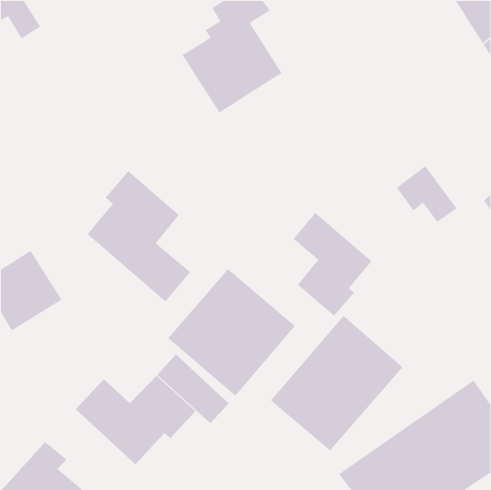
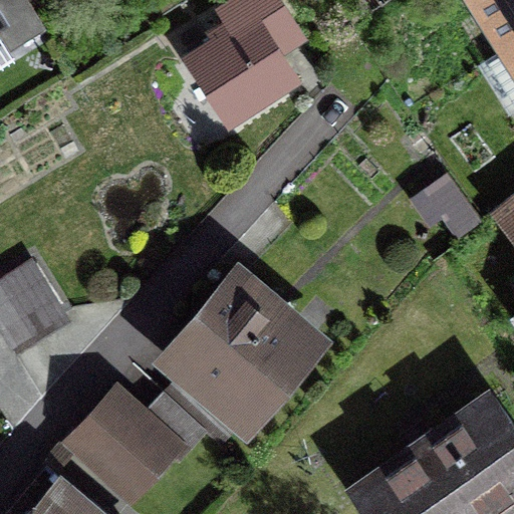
building: [86,170,191,302] -> none
building: [293,212,372,317] -> none
building: [270,315,403,452] -> none

